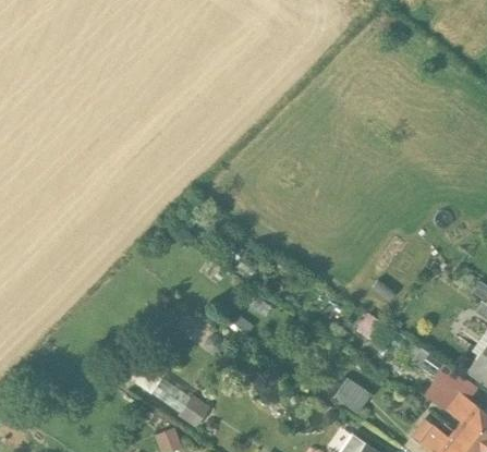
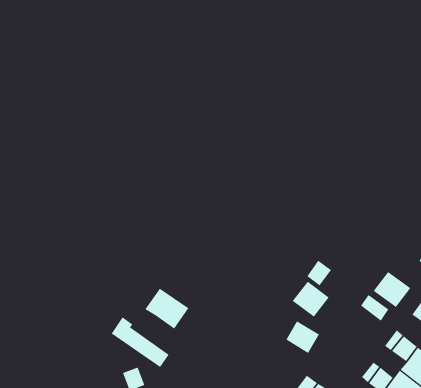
building: none -> [373,271,411,308]
building: none -> [292,281,330,317]
building: none -> [145,288,189,329]

